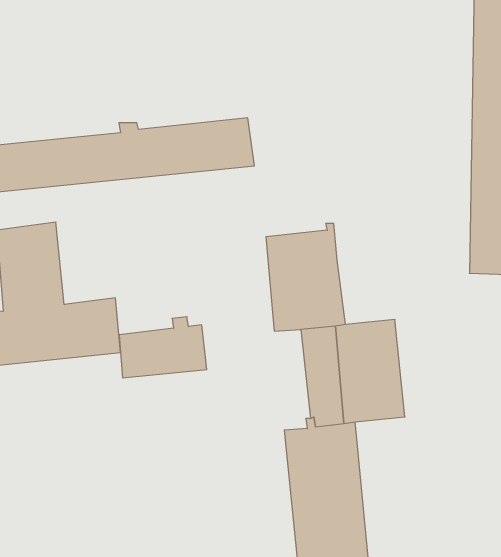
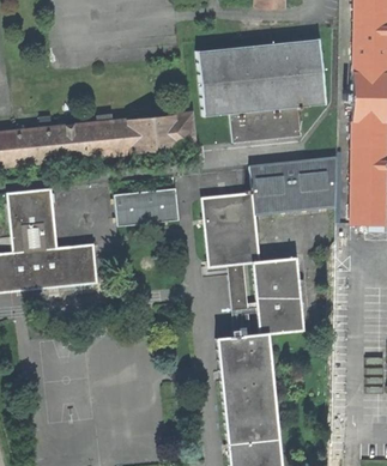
building: none -> [192,40,326,145]
building: none -> [250,157,338,214]
building: [119,317,207,378] -> [116,181,180,225]

